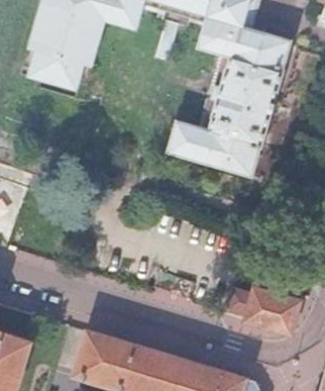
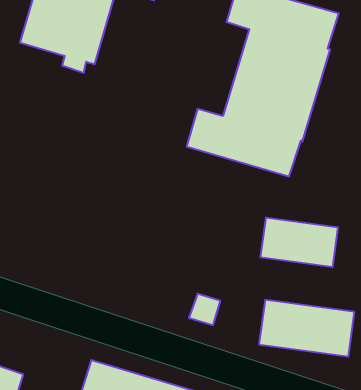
building: none -> [261,217,338,267]

